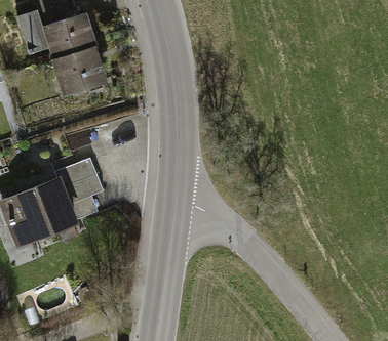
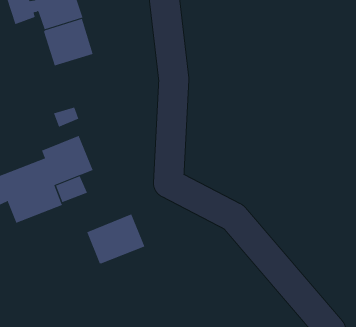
building: none -> [87,214,145,264]

